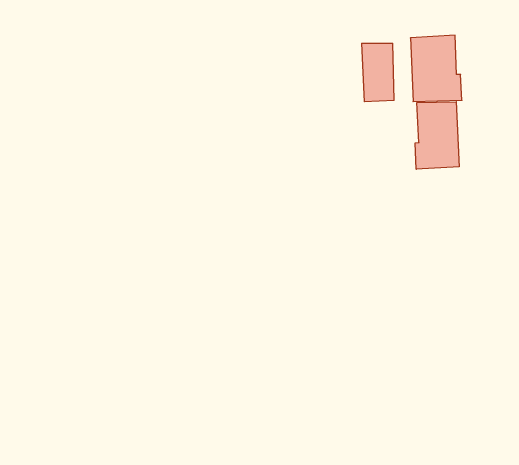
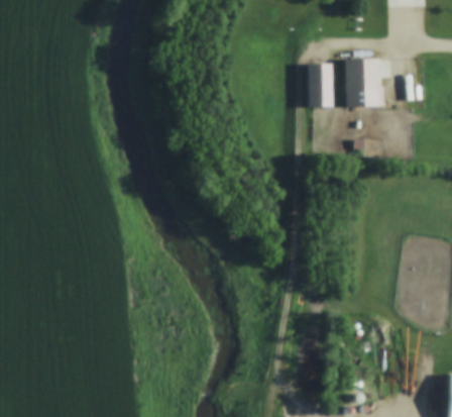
building: [415,102,459,169] -> none

